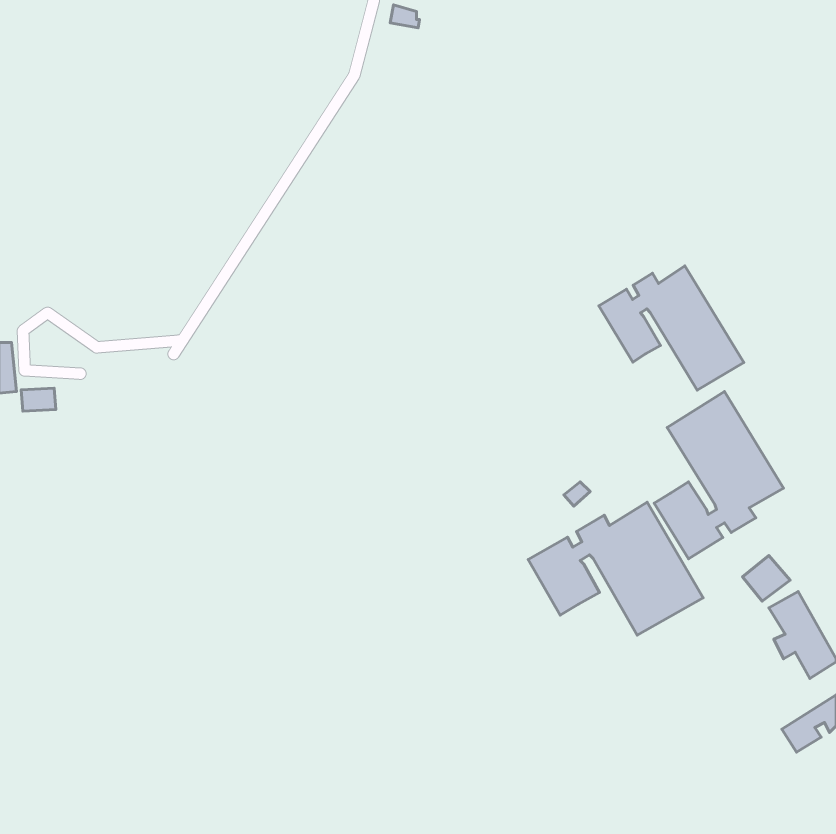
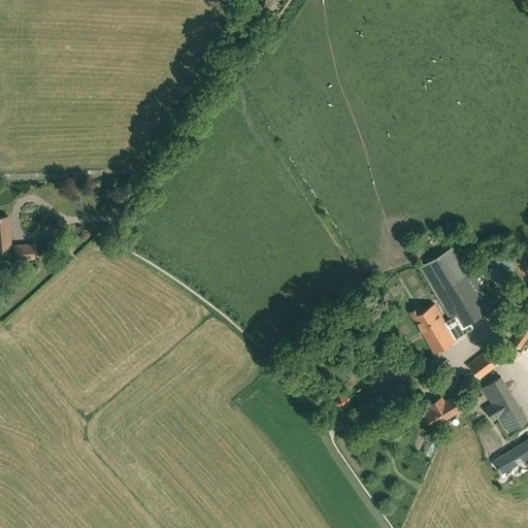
building: [599,266,744,390] -> none
building: [528,502,703,635] -> none
building: none -> [425,399,458,428]

